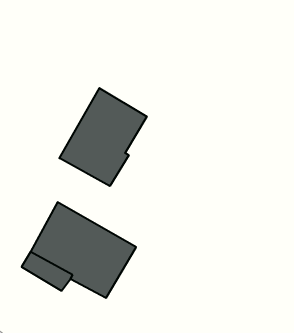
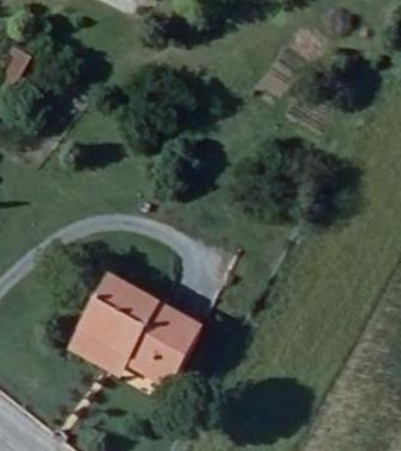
building: [59,88,147,186] -> none

